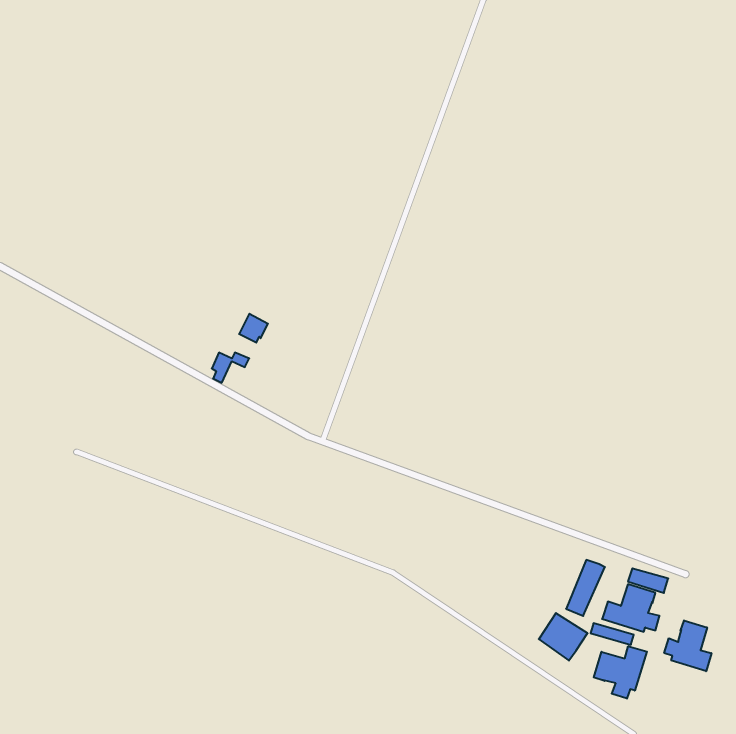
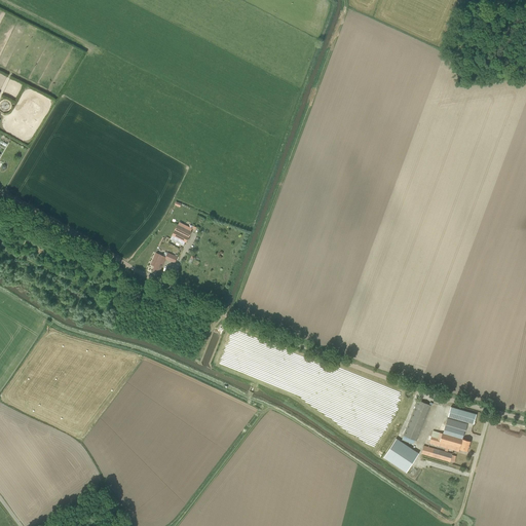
building: [664,620,711,671] -> none
building: [594,646,647,699] -> none

